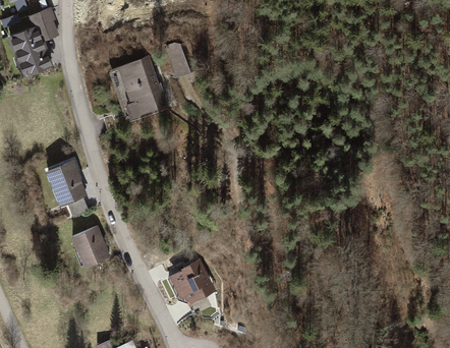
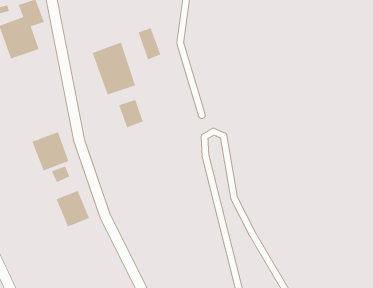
building: none -> [118,99,143,128]
building: [168,256,219,304] -> none

